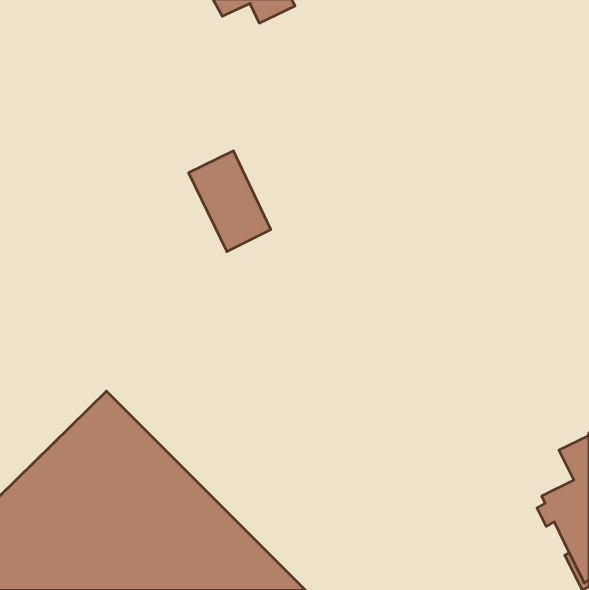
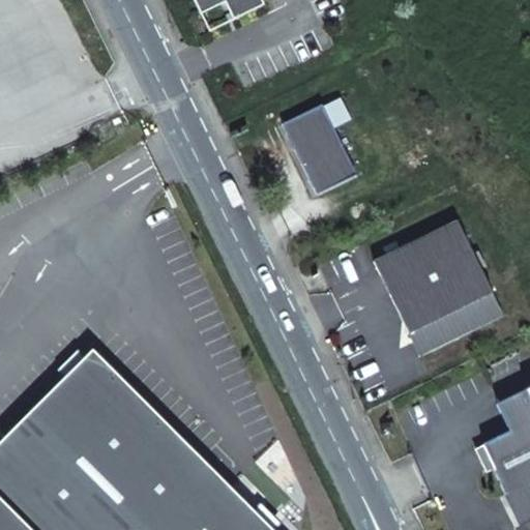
building: [189,151,271,252] -> [281,106,354,196]
building: none -> [373,223,502,358]

